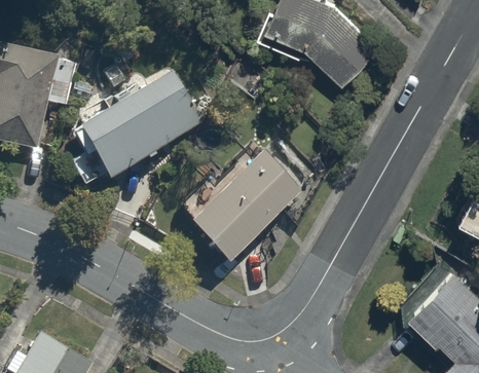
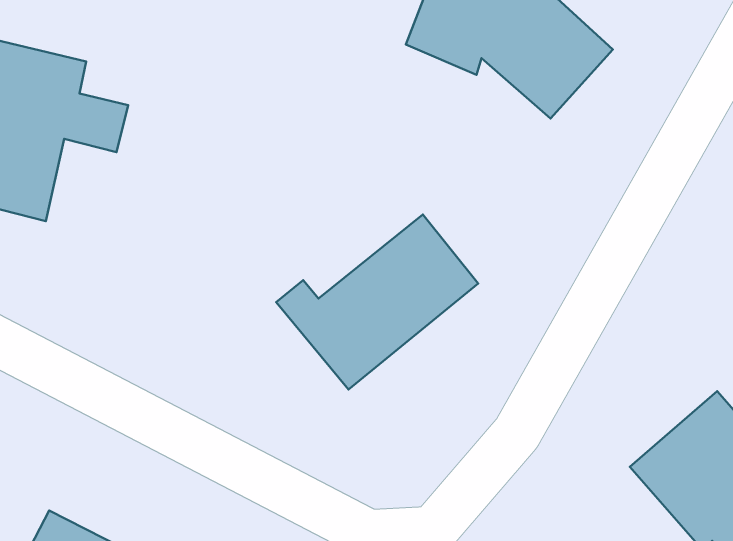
building: [72,68,199,177] -> none

